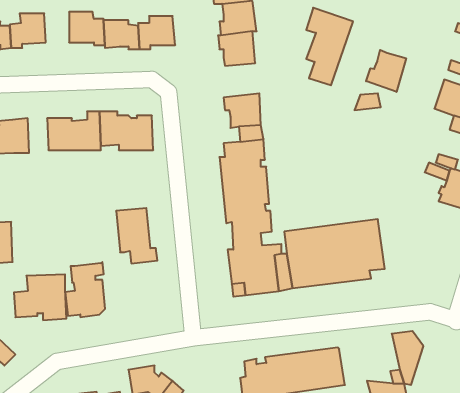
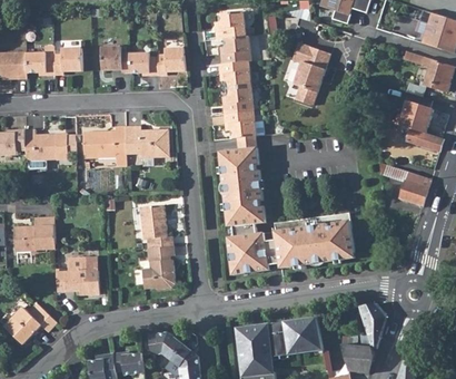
building: [366,50,406,92] -> none
building: none -> [224,86,254,114]
building: [65,262,105,317] -> [142,244,175,289]

